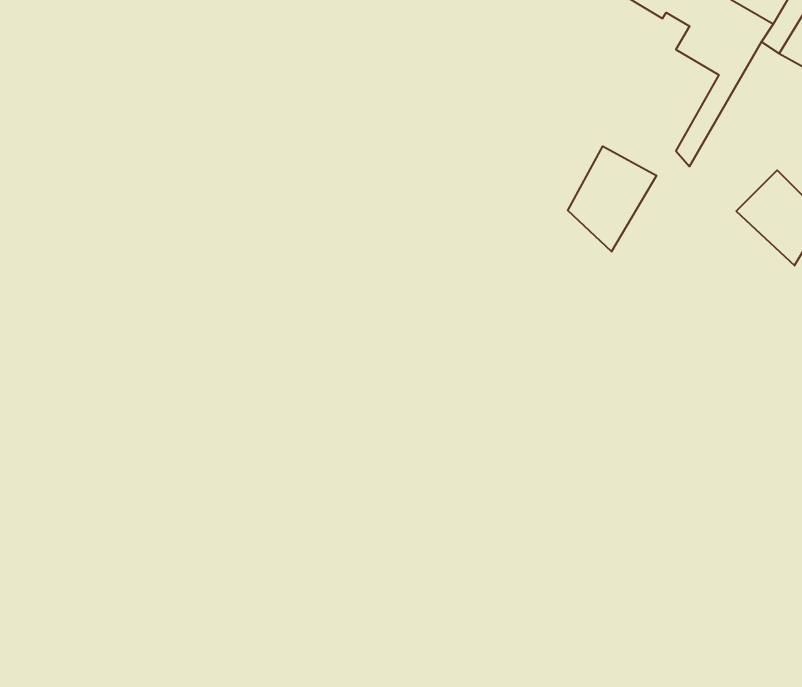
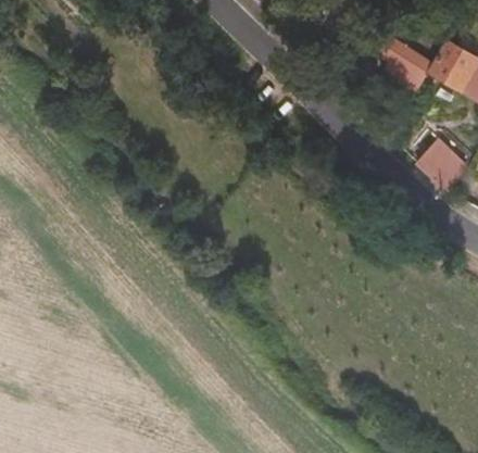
building: [568,146,656,252] -> none

